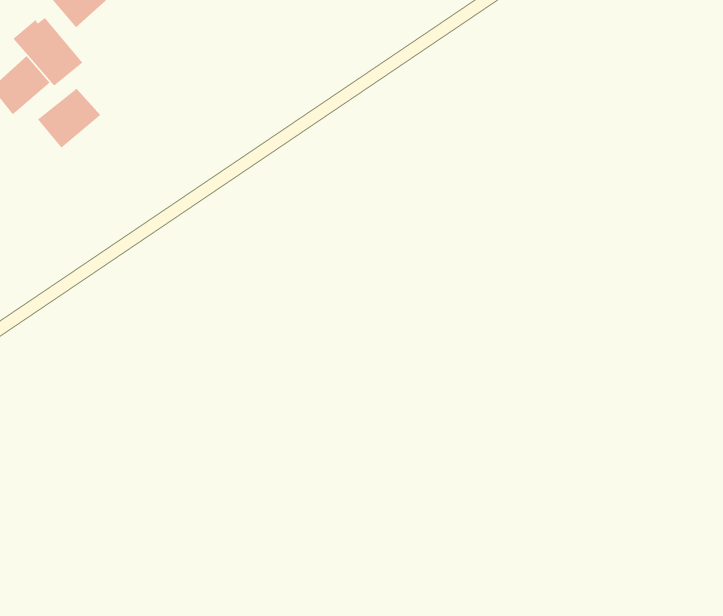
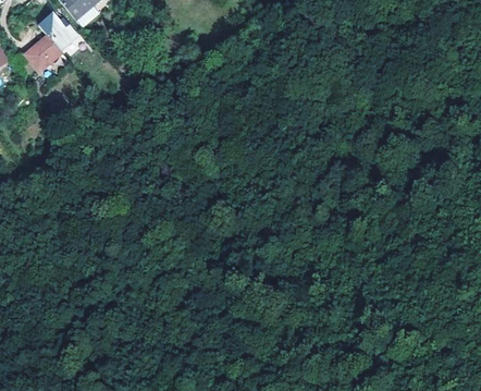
building: [37,88,101,148] -> none

